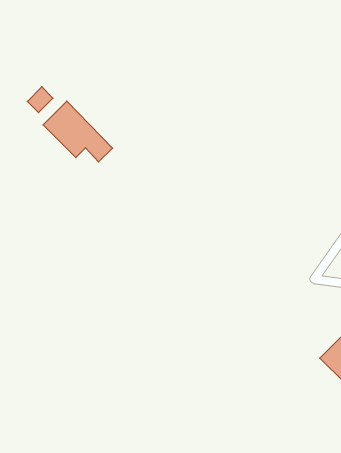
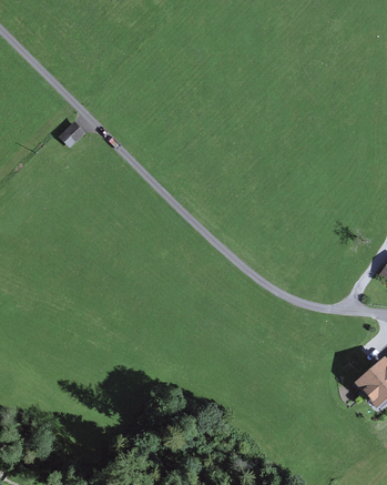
building: [43,101,113,162] -> none

